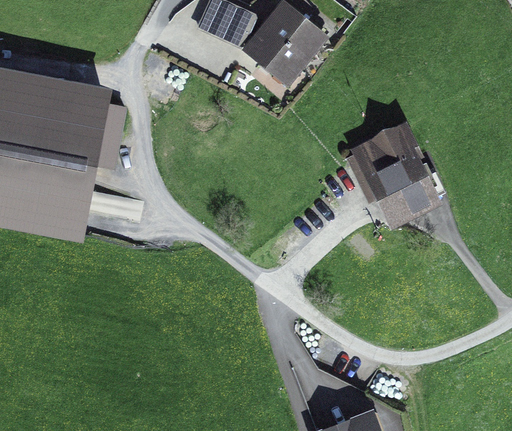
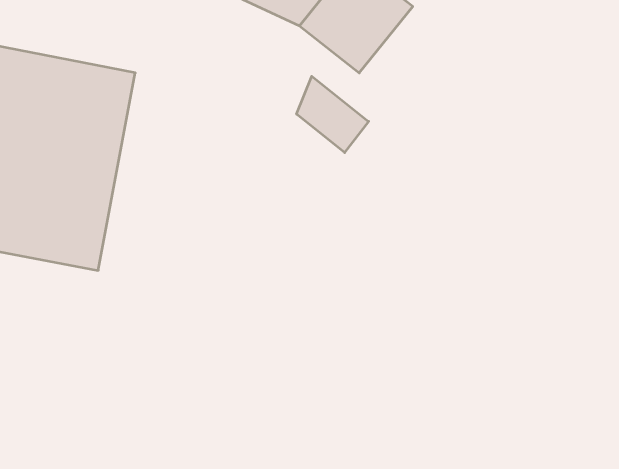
building: none -> [297,76,369,153]
building: [349,120,441,229] -> none

